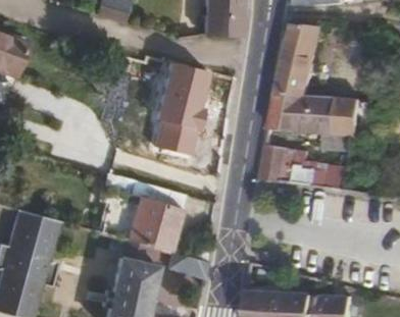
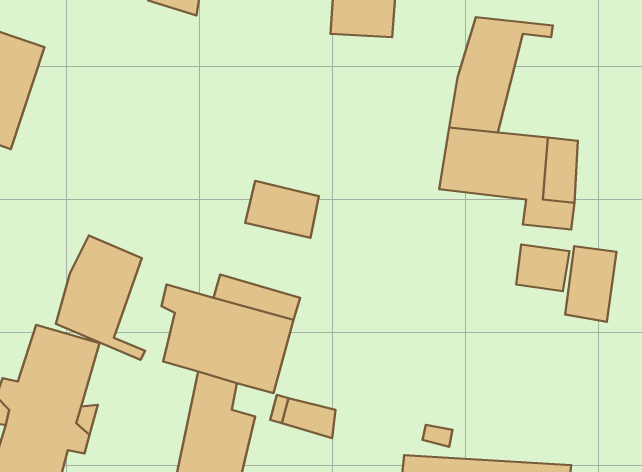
building: [157,65,209,133] -> none
building: [261,145,304,184] -> none
building: none -> [56,235,145,360]
building: none -> [565,246,617,322]

